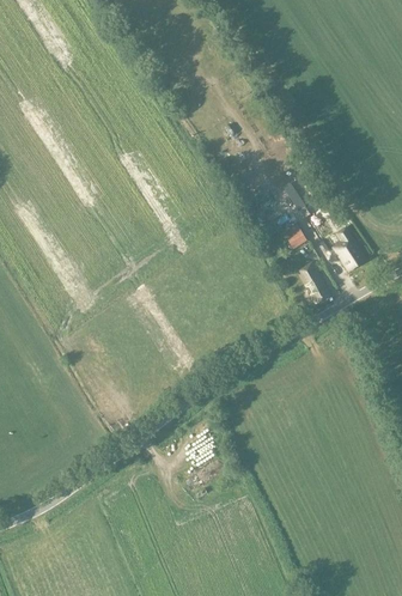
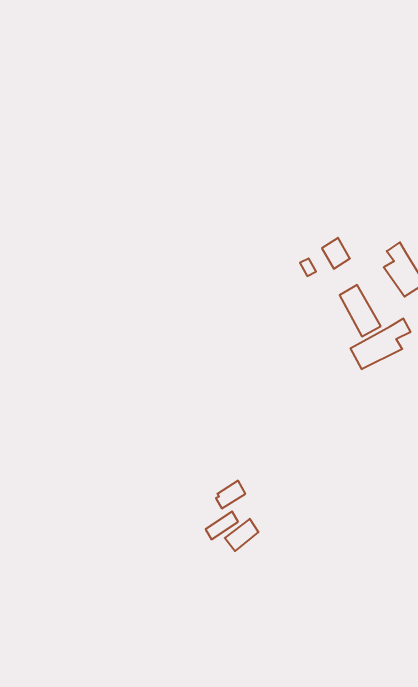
building: none -> [351,318,410,369]

